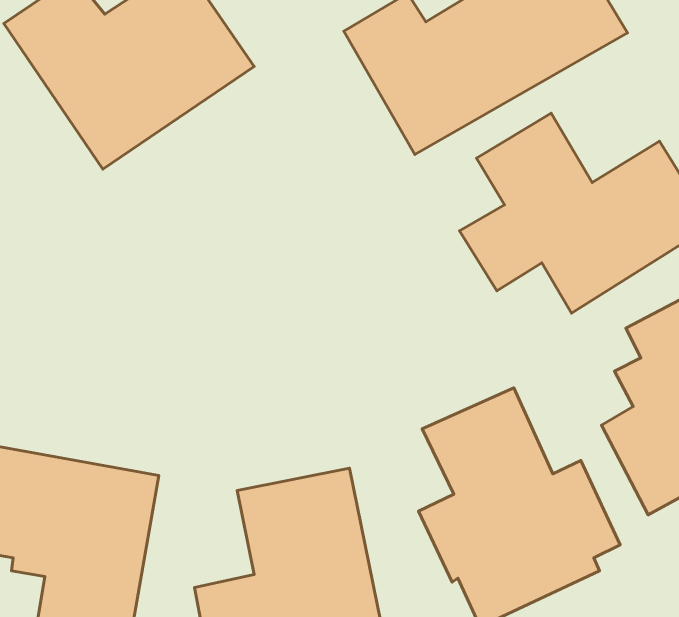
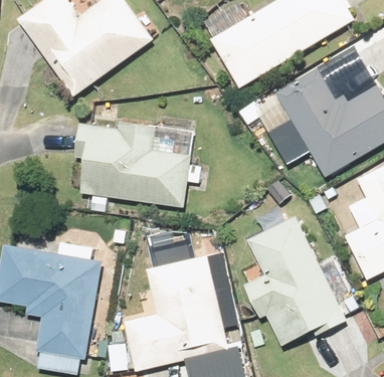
building: none -> [74,121,198,201]

